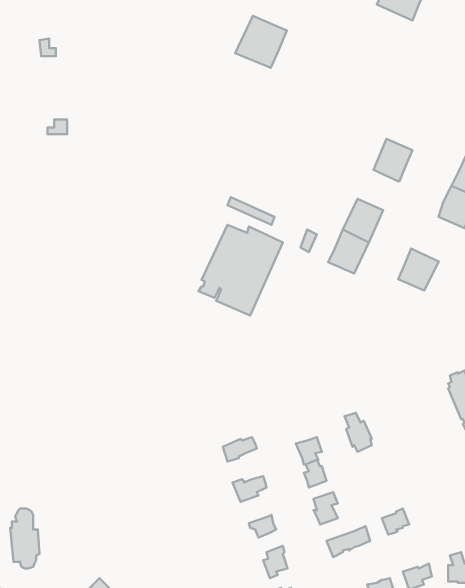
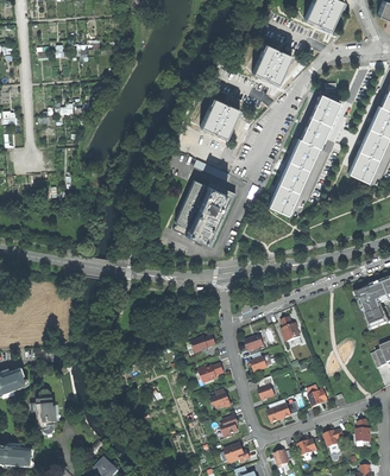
building: [235,16,287,68] -> [253,45,291,83]
building: none -> [312,95,341,126]
building: none -> [201,99,239,139]
building: [398,248,439,291] -> [290,139,320,170]

